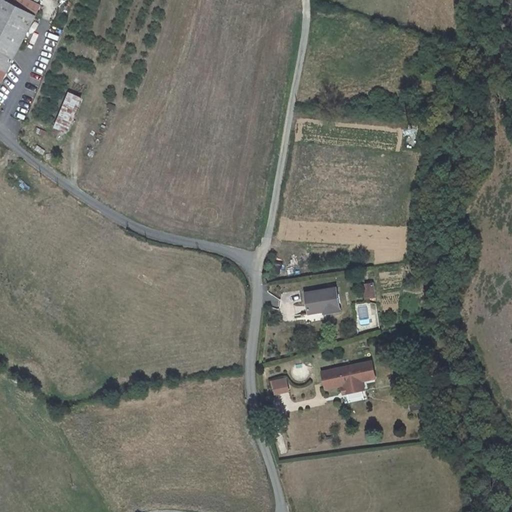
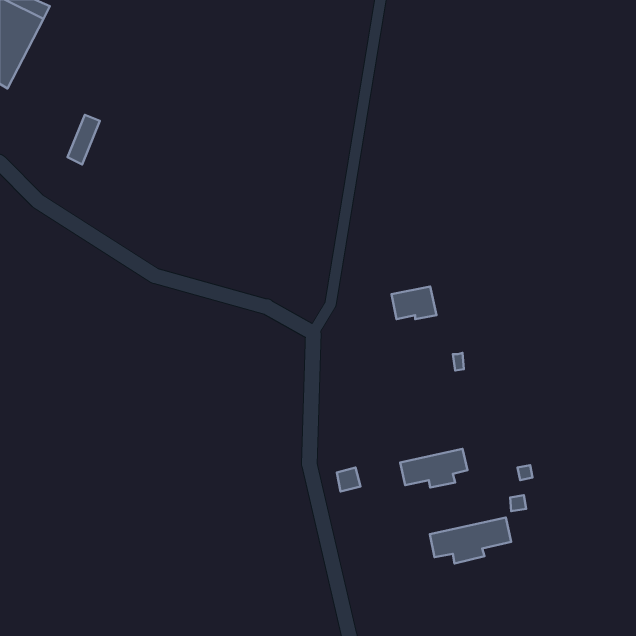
building: [304,287,340,313] -> [392,287,437,319]
building: none -> [430,517,511,563]

